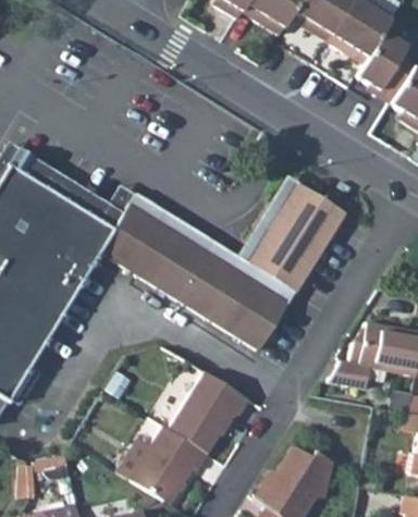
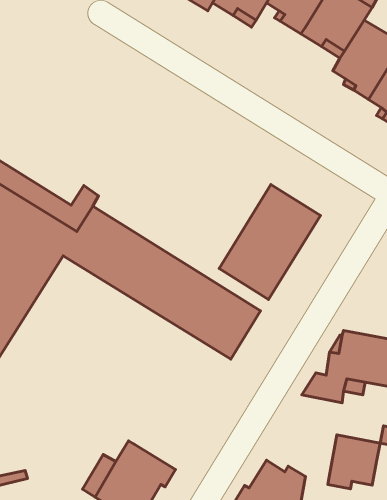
building: [130,177,298,304] -> none
building: [169,372,249,454] -> none
building: none -> [328,435,380,489]

